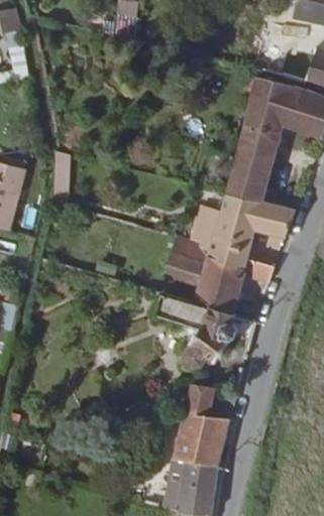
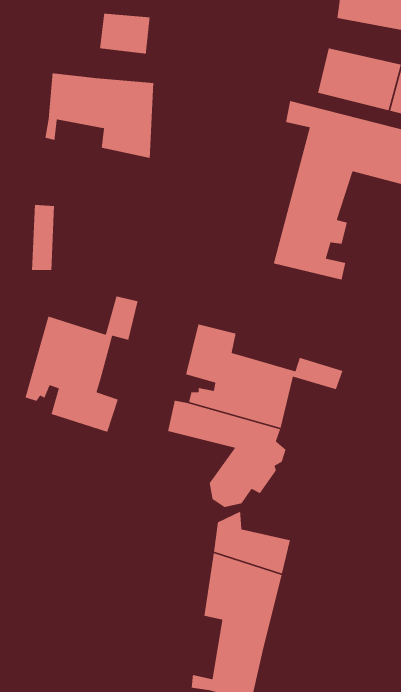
building: none -> [45,73,154,159]
building: [205,192,300,270] -> none
building: none -> [24,296,139,433]

